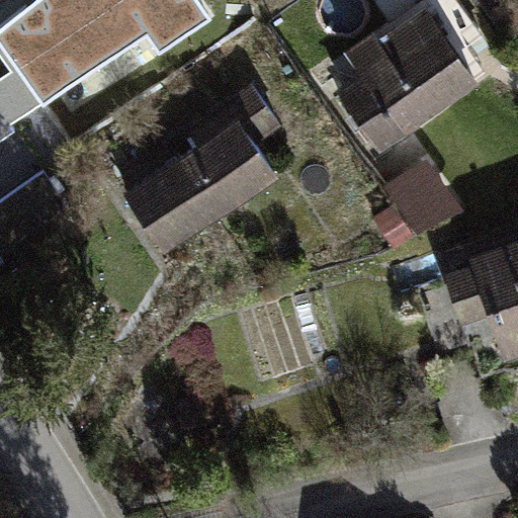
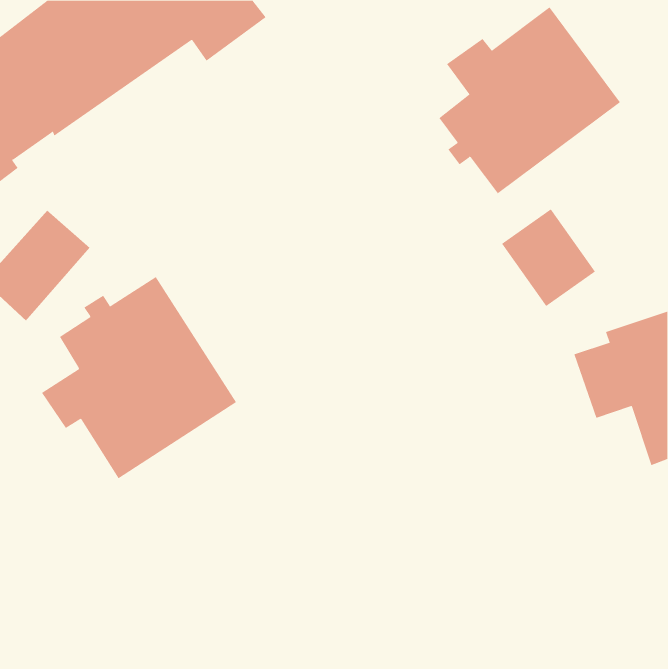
building: [120,81,280,254] -> none
building: none -> [41,276,237,479]

